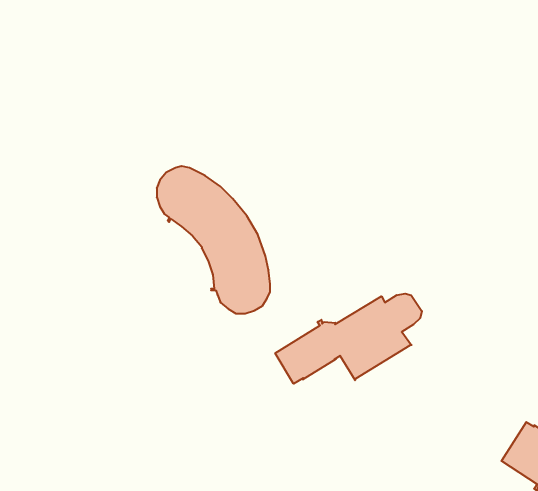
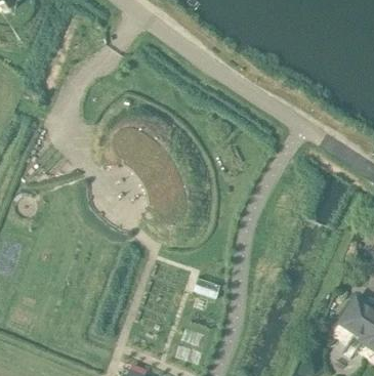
building: [275,294,422,384] -> none

